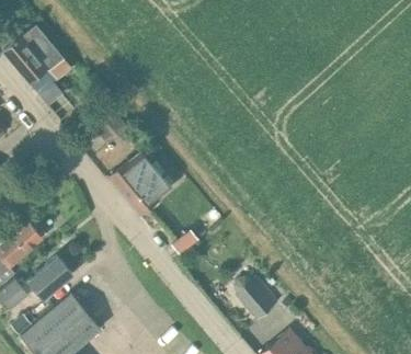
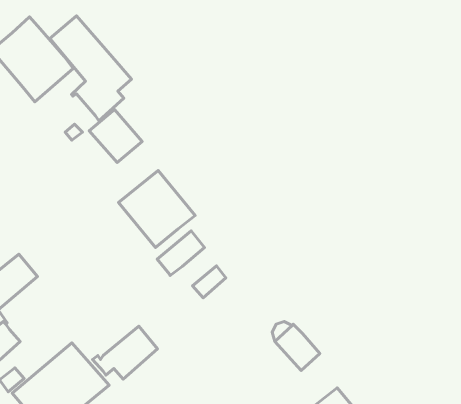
building: none -> [50,16,131,121]
building: none -> [157,231,205,276]
building: [19,255,72,299] -> [93,326,158,379]

